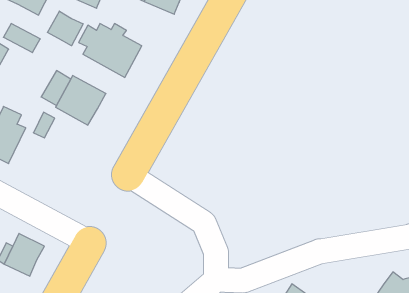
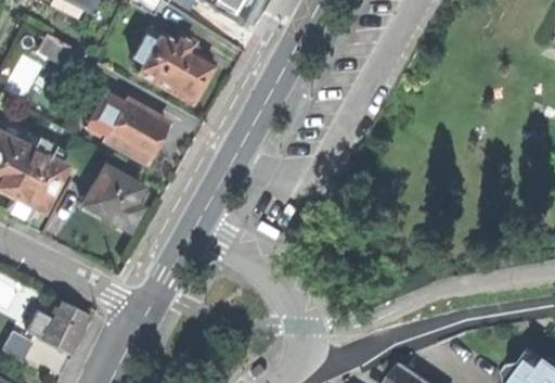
building: [47,11,83,46] -> none
building: none -> [83,167,147,228]

